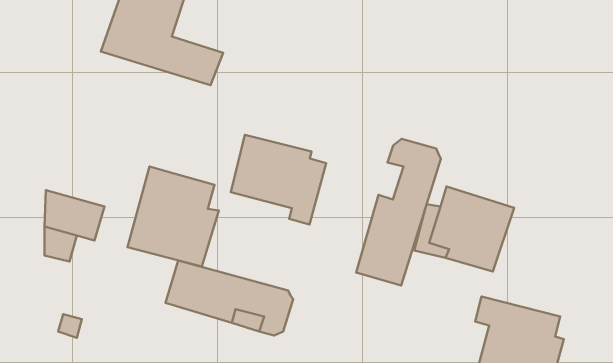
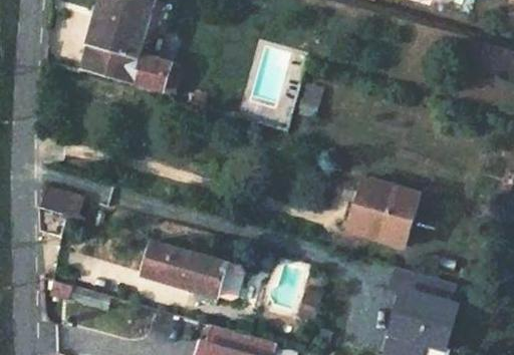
building: [231,135,326,224] -> none
building: [356,139,441,285] -> none
building: [127,167,219,267] -> none

